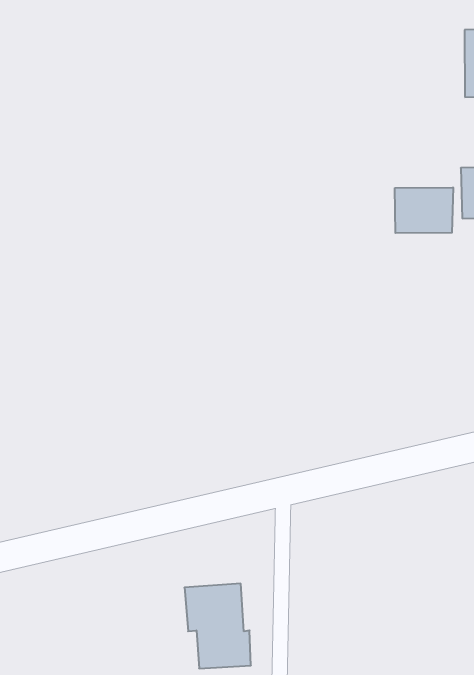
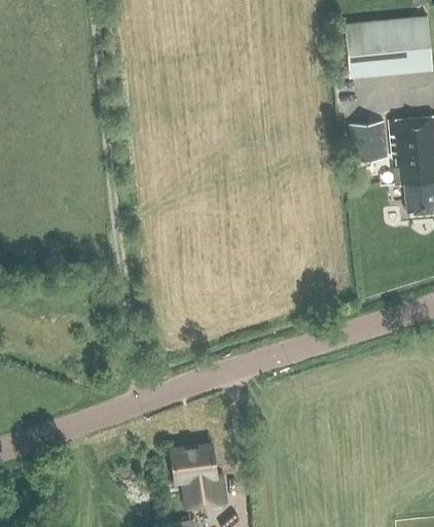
building: [395,187,453,233] -> none

